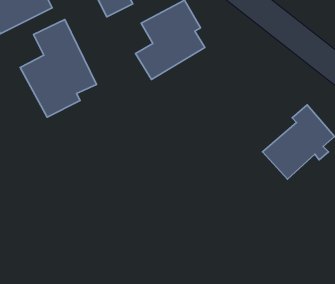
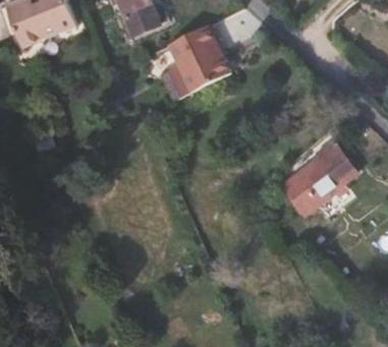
building: [20,20,97,117] -> none

